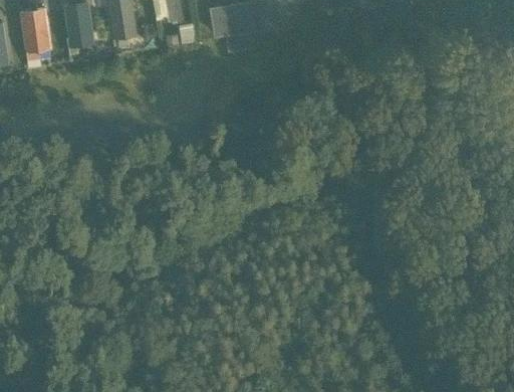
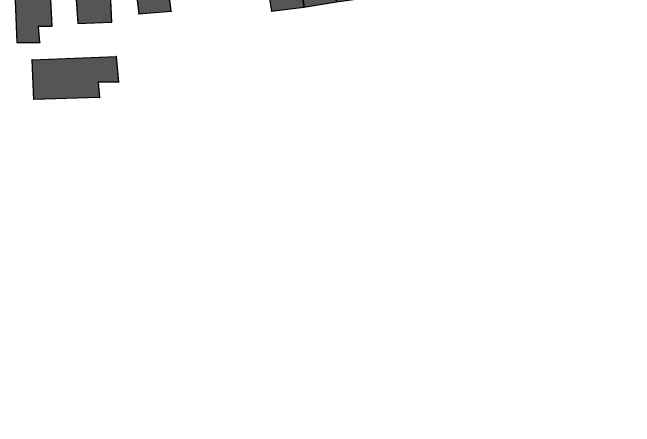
building: none -> [32,56,118,99]

